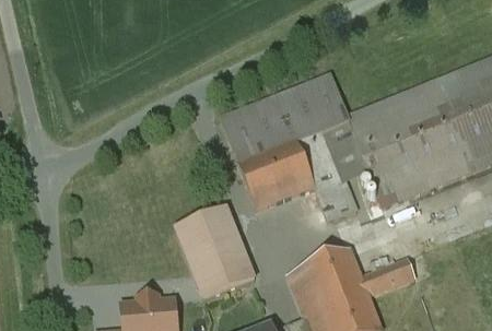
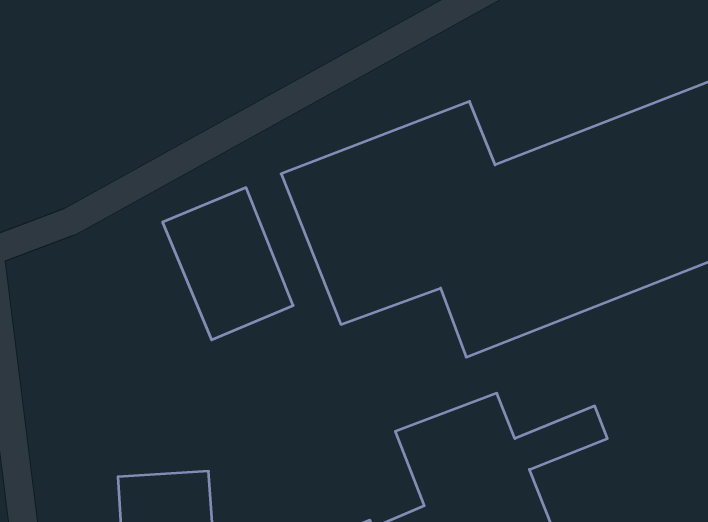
building: [176,205,255,297] -> [163,188,293,340]

